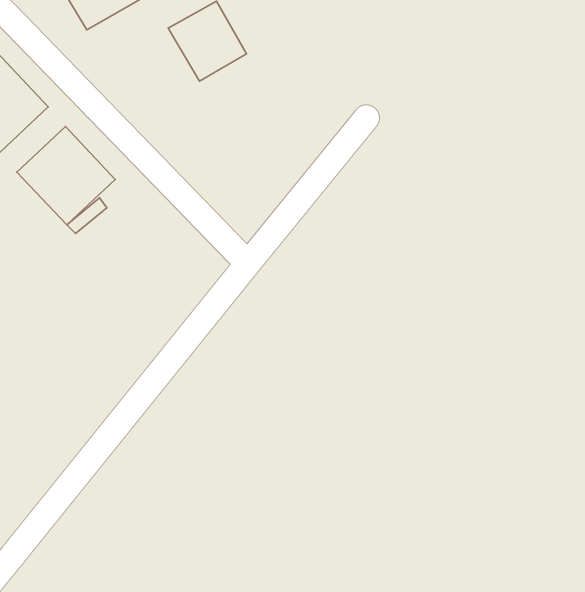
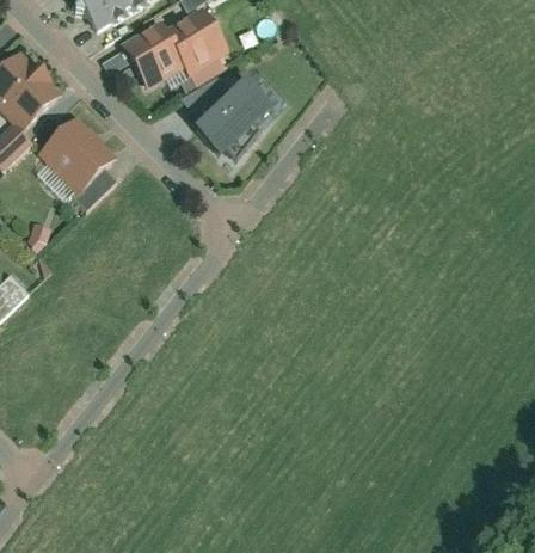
building: none -> [118,24,184,91]
building: none -> [192,70,269,145]

